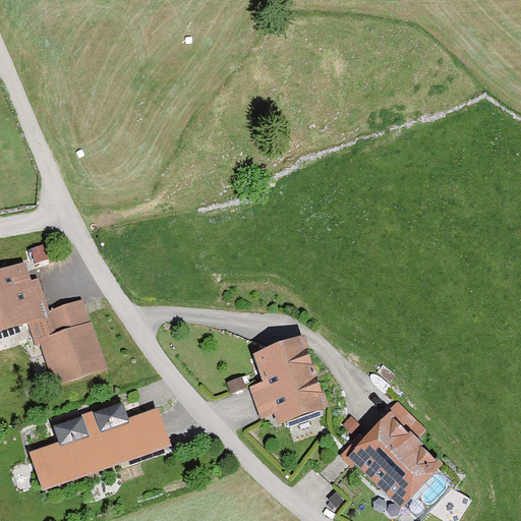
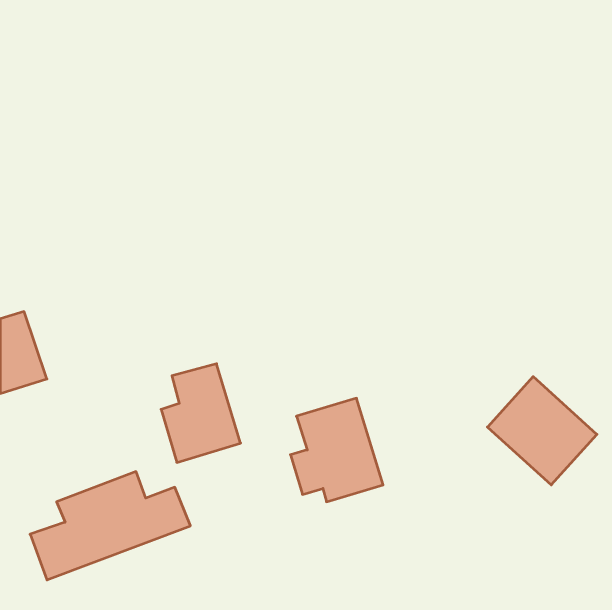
building: [39,299,106,383] -> [161,364,241,462]
building: [347,414,440,506] -> [487,377,597,485]

